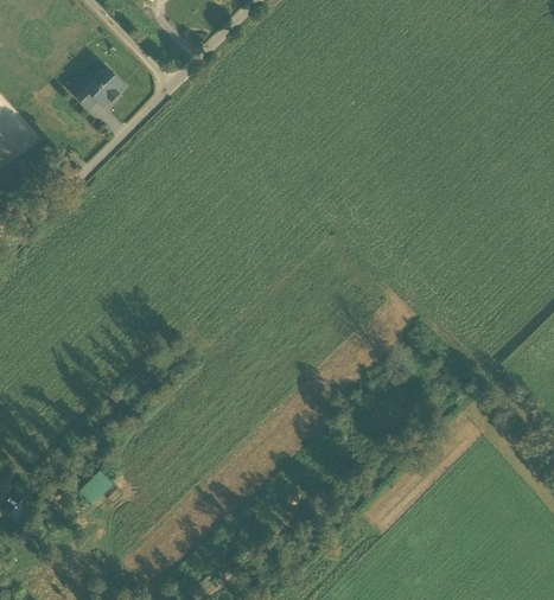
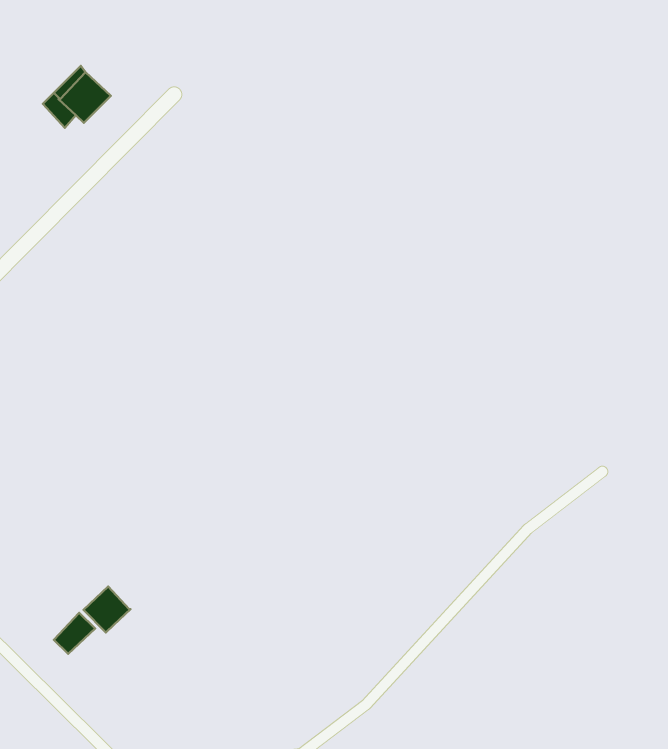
building: none -> [83,587,131,633]

